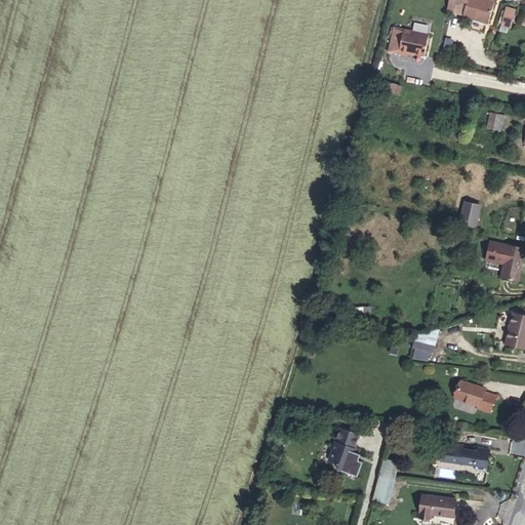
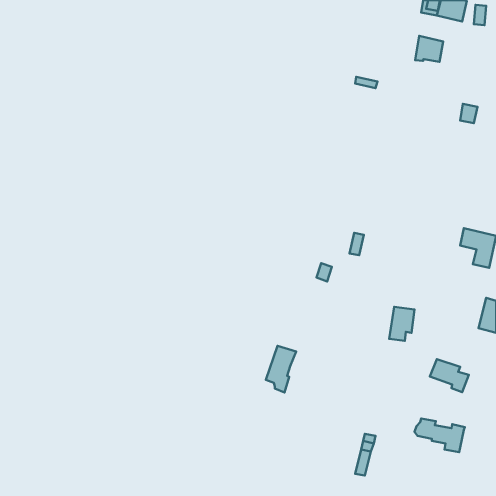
building: [400,29,430,56] -> [415,36,443,62]
building: [457,198,482,227] -> none
building: [331,417,363,467] -> [266,346,296,392]
building: [416,495,454,519] -> none

